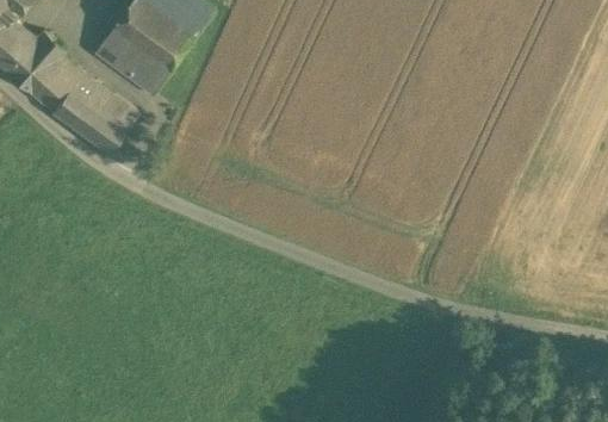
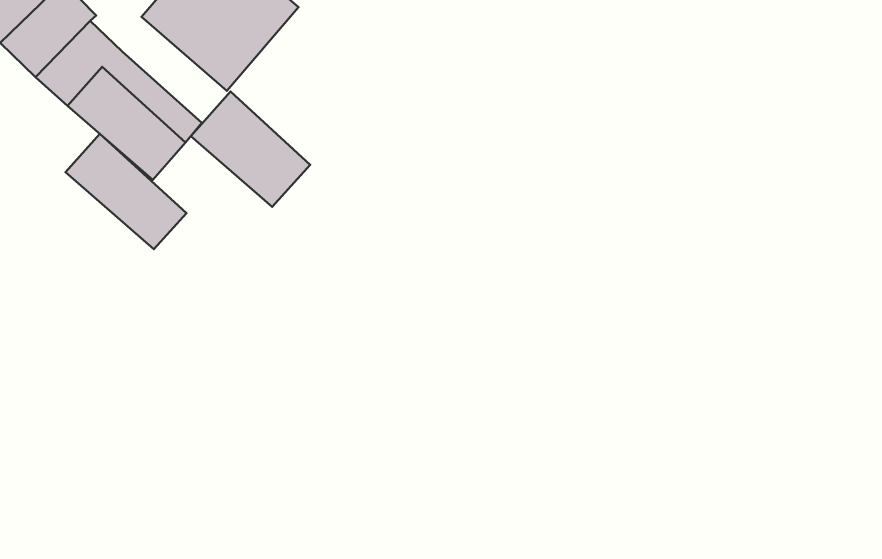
building: none -> [191,91,310,207]
building: none -> [66,134,186,249]

